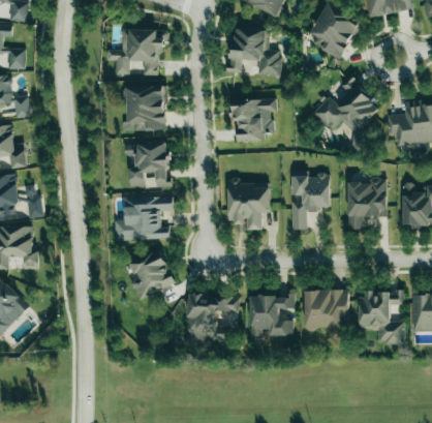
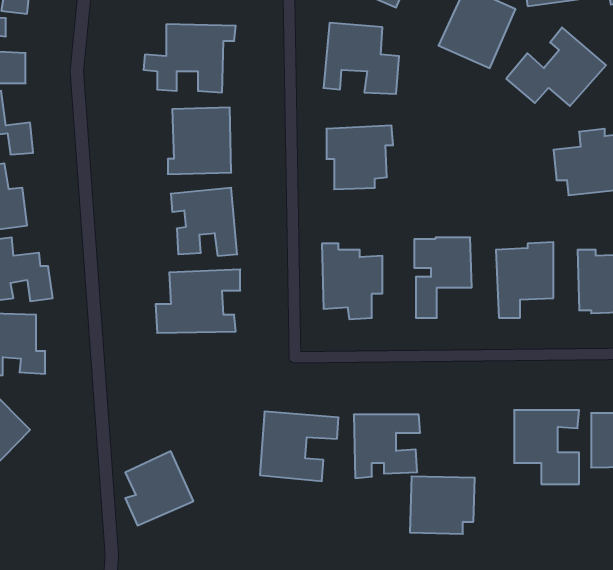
building: [313,79,381,132] -> [506,27,606,106]
building: [129,249,176,300] -> [125,451,193,525]
building: [305,290,349,329] -> [410,476,475,534]

